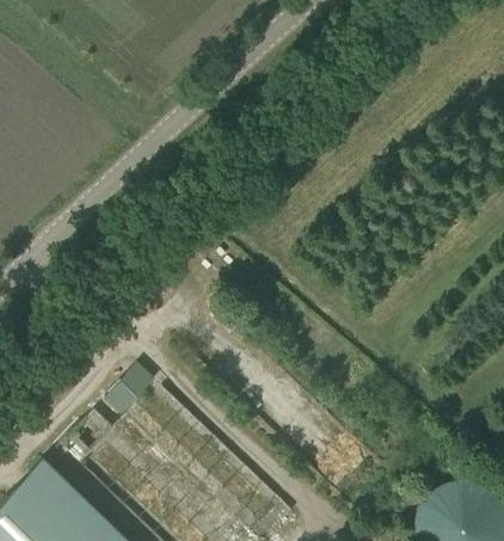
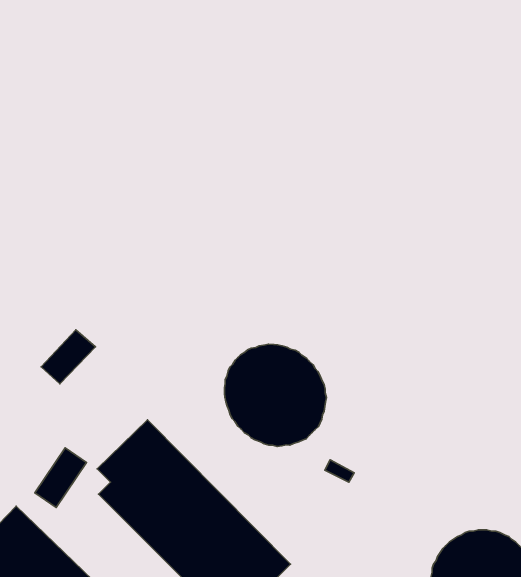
building: none -> [224,344,326,446]
building: [104,362,153,411] -> [41,330,96,384]

